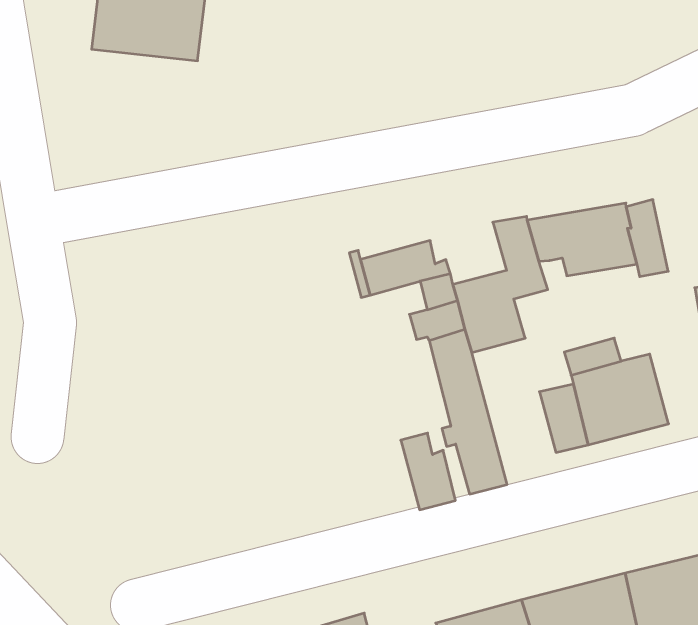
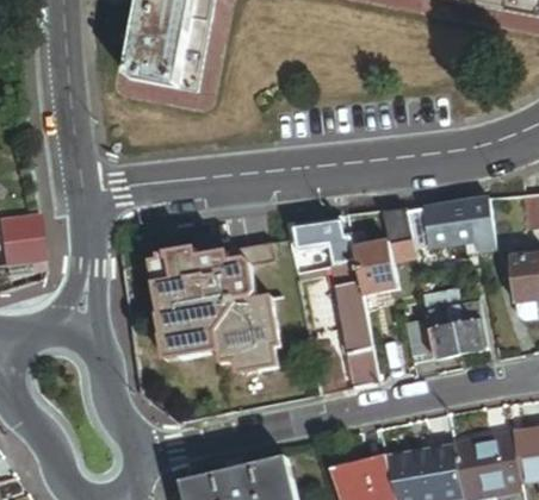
building: none -> [153,240,283,370]

